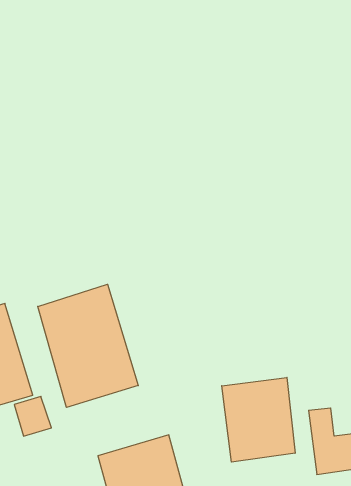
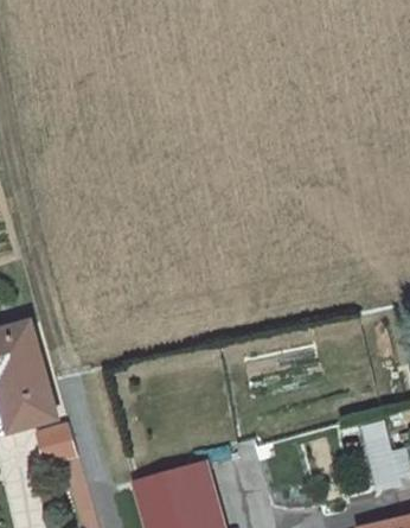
building: [38,284,138,407] -> none
building: [222,377,295,462] -> none

